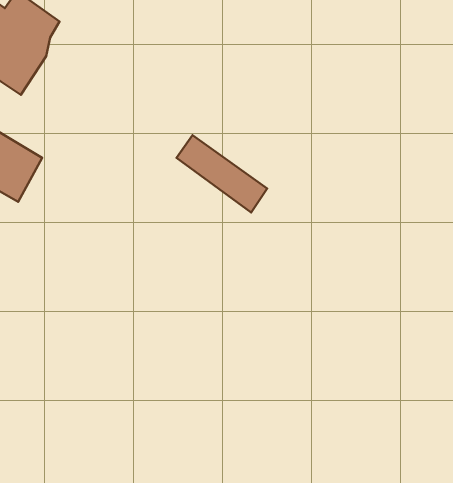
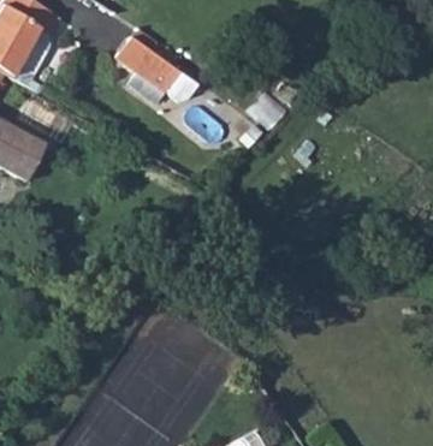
building: [176,135,267,213] -> [119,32,201,102]

